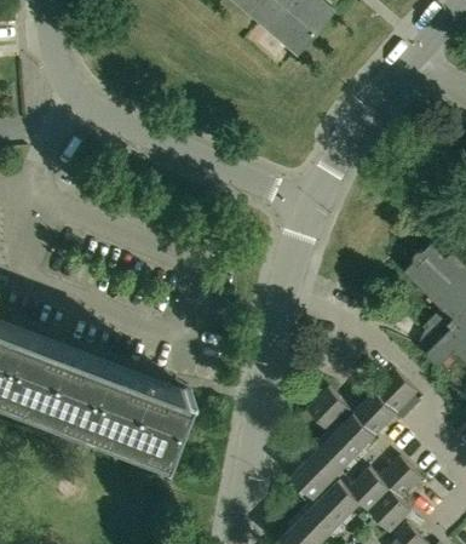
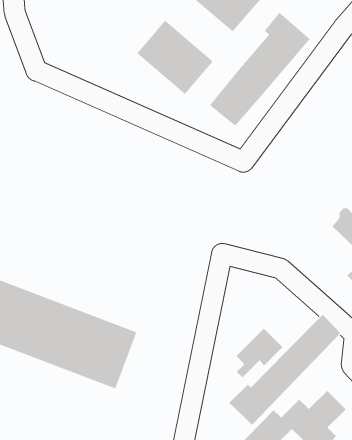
building: none -> [209,12,311,126]
building: none -> [137,20,213,95]

